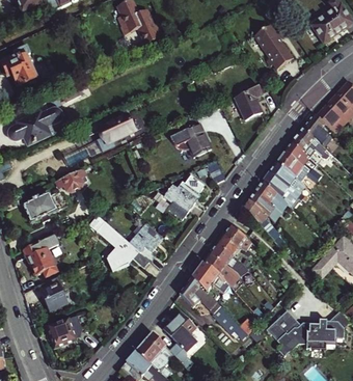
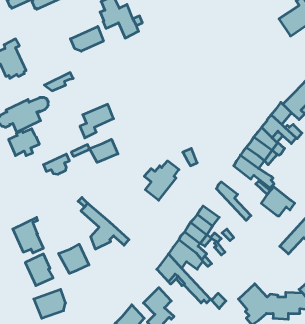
building: [256,23,295,67] -> none
building: none -> [70,26,103,51]
building: [235,83,271,120] -> none
building: [171,116,212,157] -> none
building: none -> [90,139,118,162]
building: [249,182,286,213] -> [261,187,295,216]
building: [24,194,57,223] -> [9,129,39,156]
building: [129,223,163,262] -> none
building: none -> [59,244,89,273]

